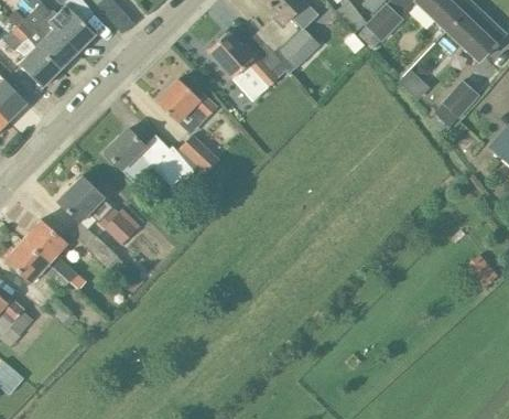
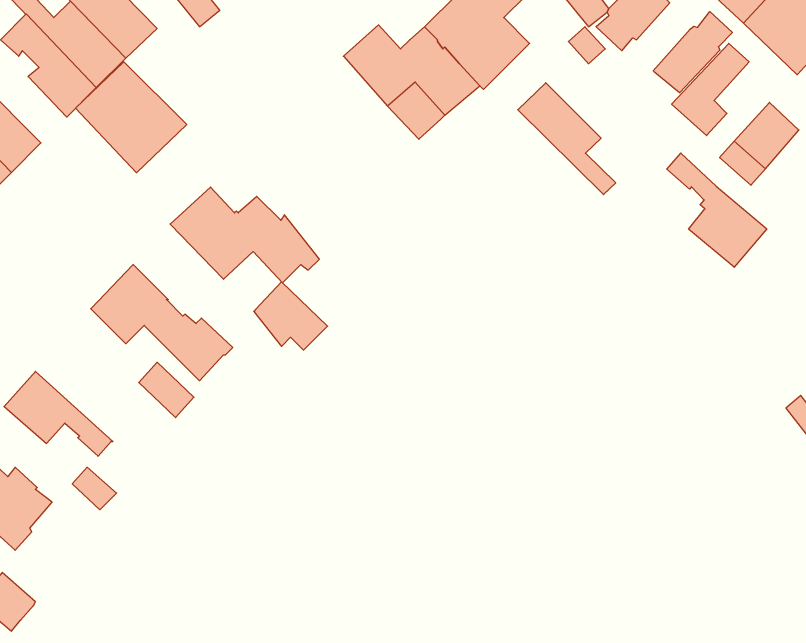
building: none -> [653,12,732,93]
building: none -> [76,62,187,173]
building: none -> [518,83,616,195]
building: [155,79,217,122] -> none
building: none -> [667,153,767,267]
building: [176,135,220,175] -> [254,282,328,350]
building: [23,221,77,282] -> none

